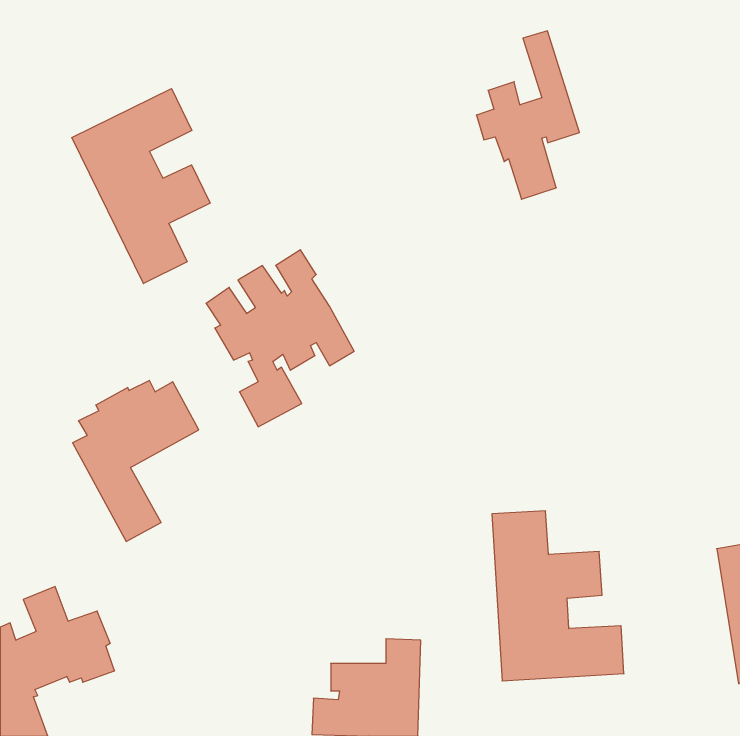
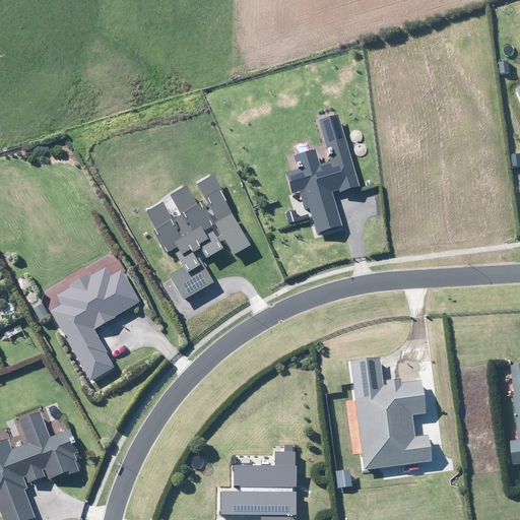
building: [476,31,579,199] -> [287,115,360,233]
building: [72,89,210,284] -> none

